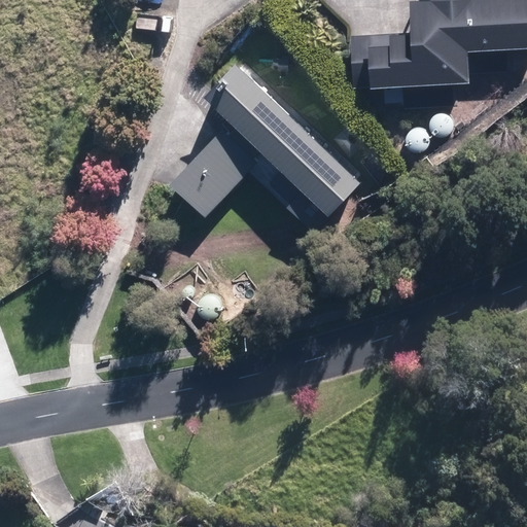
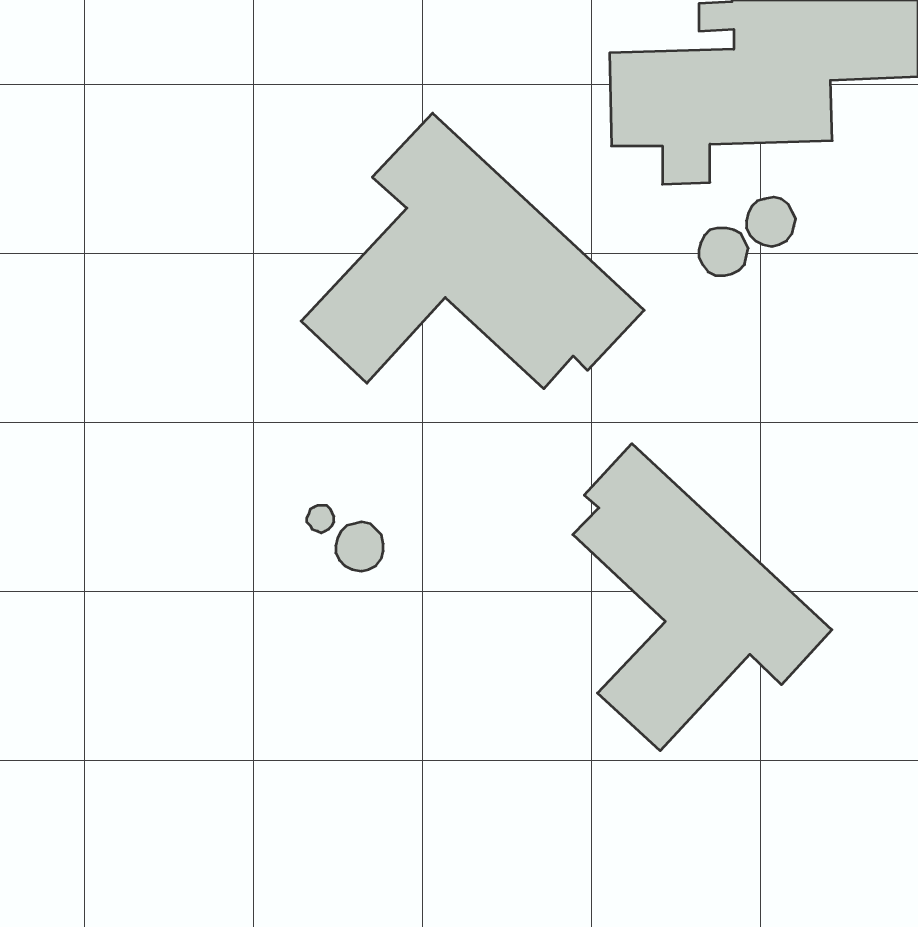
building: none -> [573,444,832,751]

